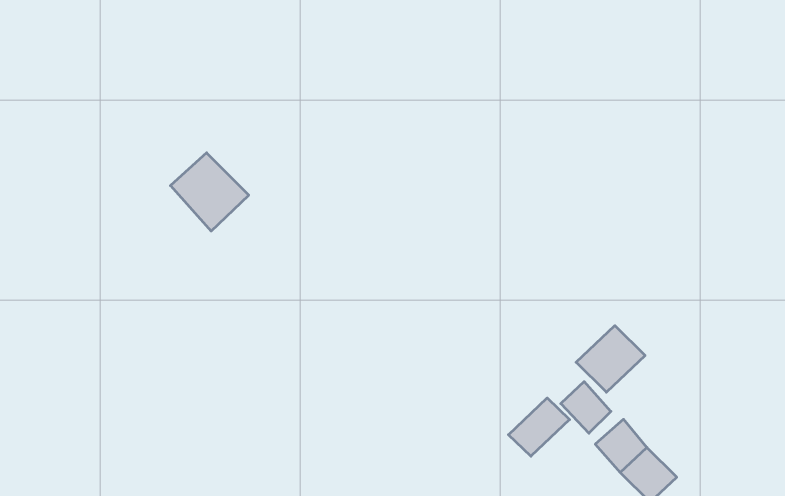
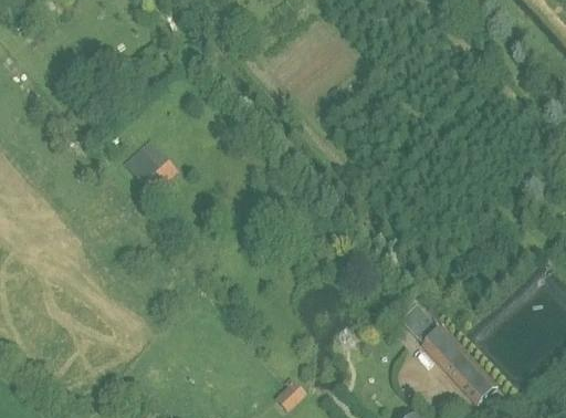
building: [576,326,645,392] -> none
building: [508,398,570,456] -> none

